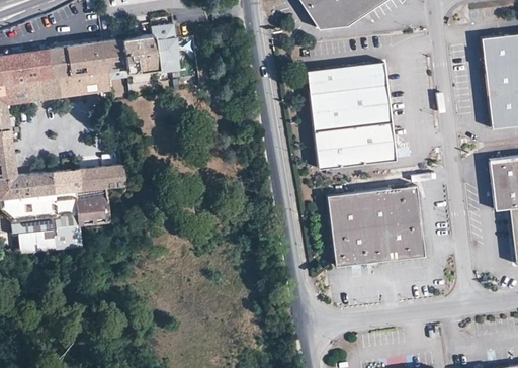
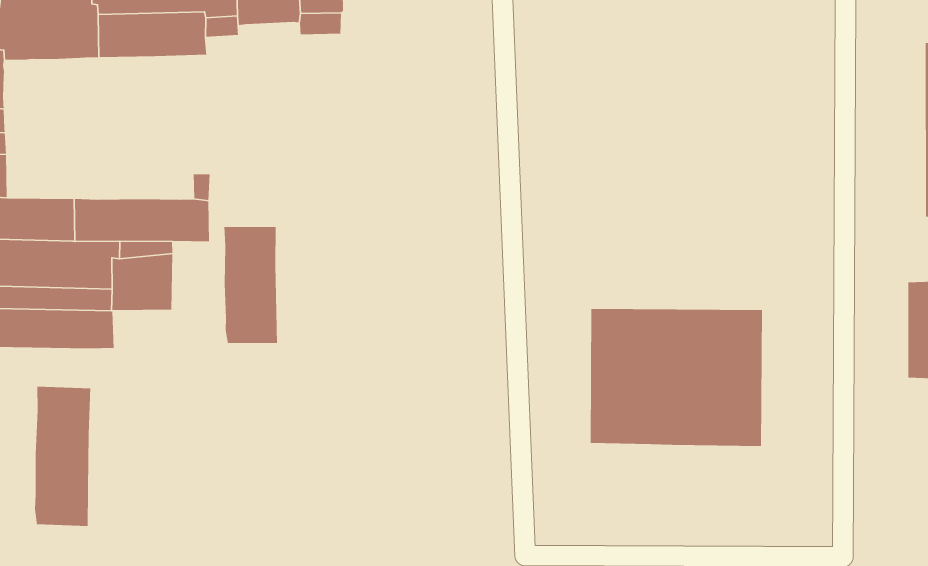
building: [306,61,396,168] -> none
building: none -> [223,226,278,344]
building: none -> [34,386,91,527]

